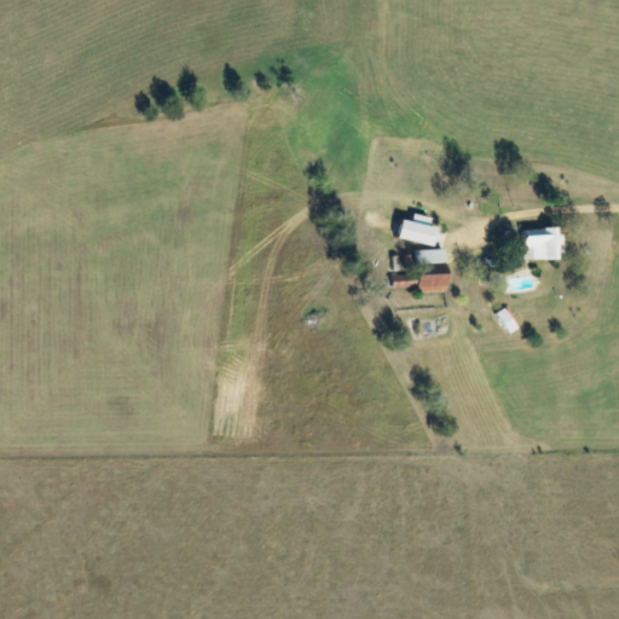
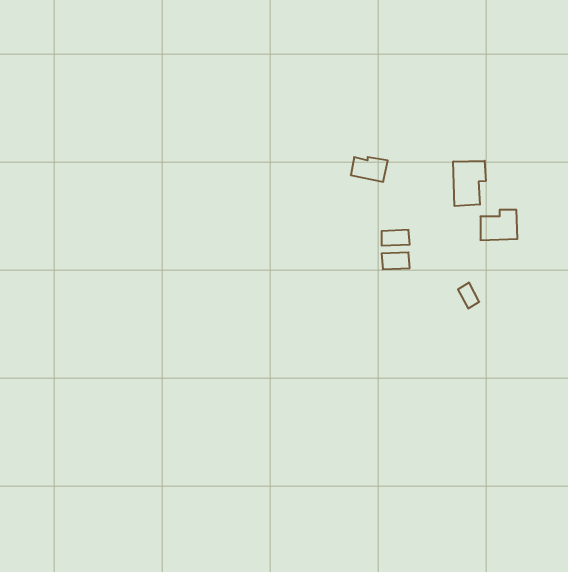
building: none -> [453,161,486,206]
building: [397,218,436,244] -> [351,157,388,182]

